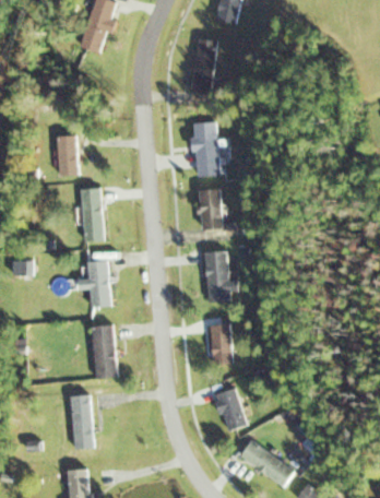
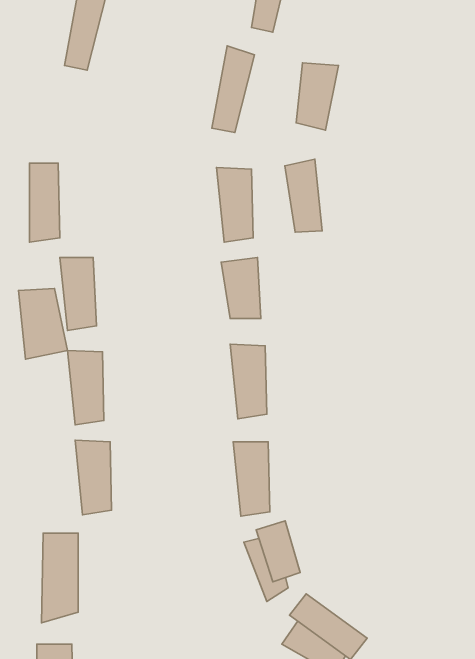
building: none -> [296,63,338,130]
building: none -> [285,159,322,232]
building: none -> [19,288,67,359]

